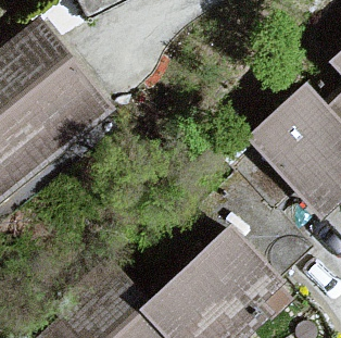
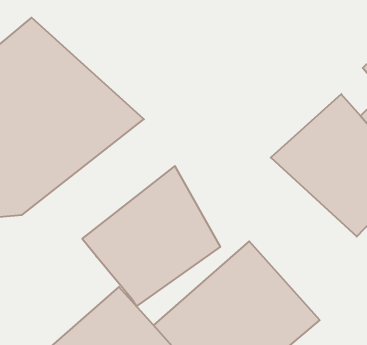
building: none -> [82,166,220,306]

